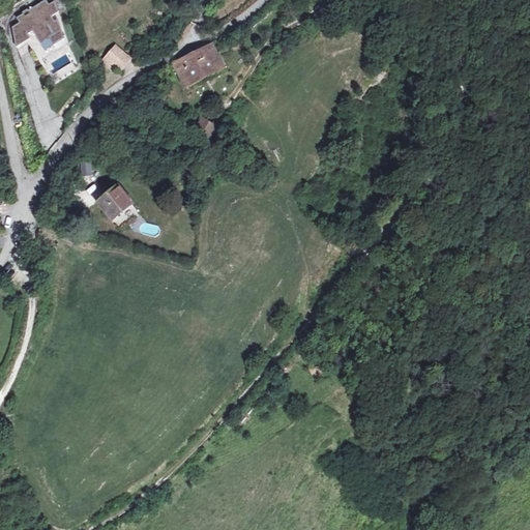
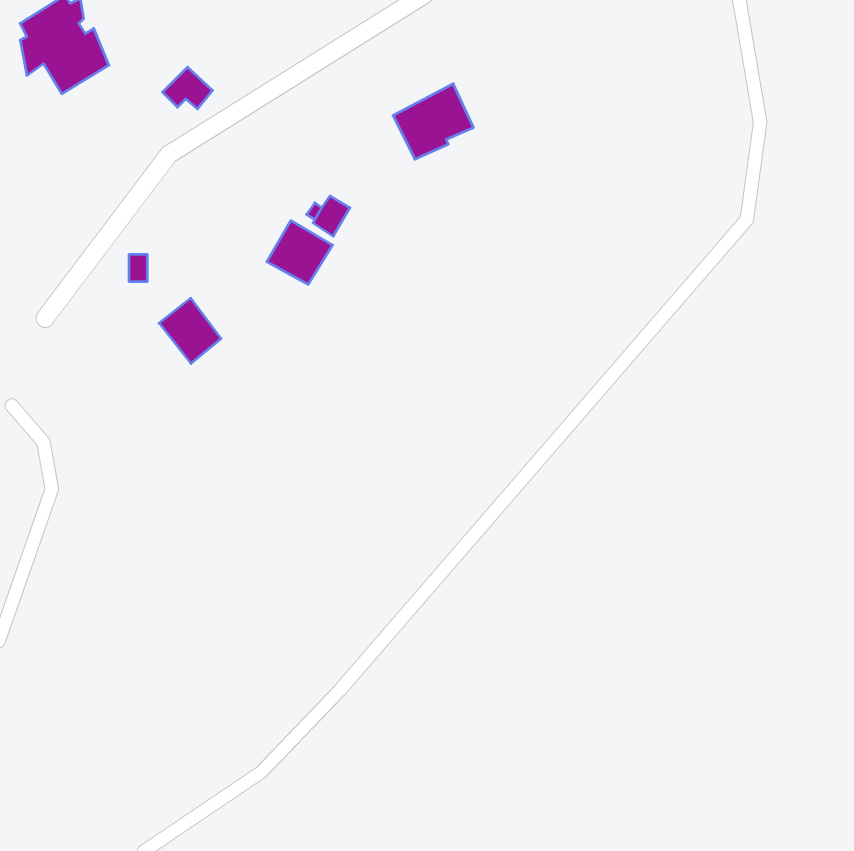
building: [172,41,222,88] -> [393,84,473,159]
building: none -> [267,221,333,284]

